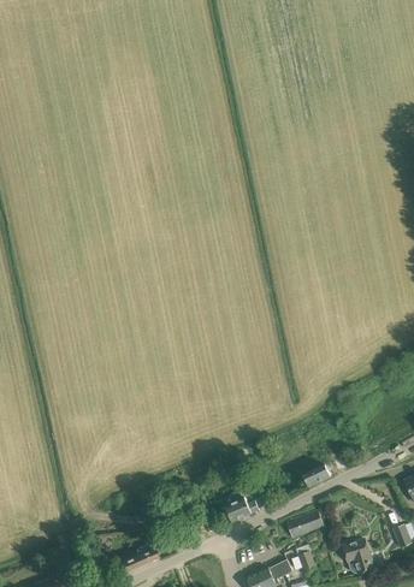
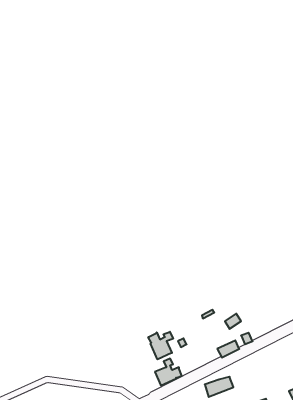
building: none -> [148,332,173,359]

